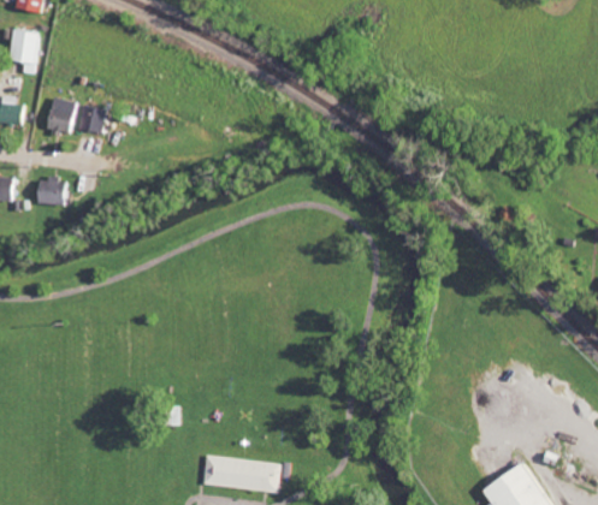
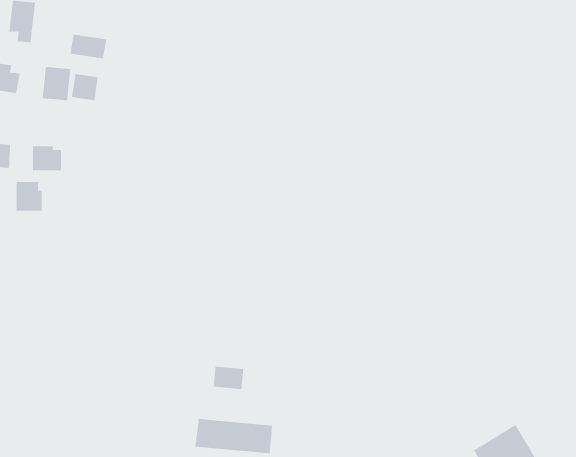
building: none -> [70,34,107,59]
building: none -> [16,181,42,211]
building: none -> [213,366,244,390]

